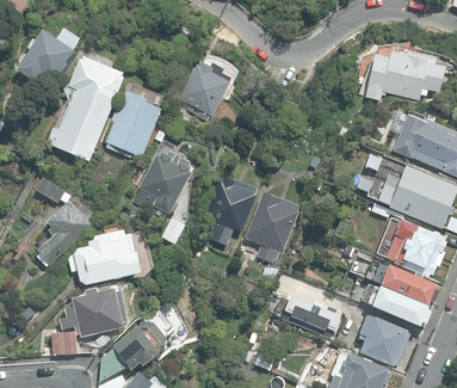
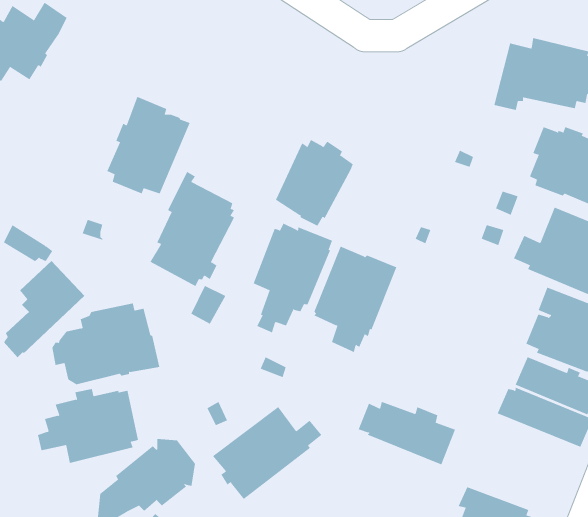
building: [48,56,125,161] -> none
building: [179,62,231,121] -> [275,139,353,226]
building: none -> [212,406,322,500]
building: [359,312,408,365] -> none
building: [51,331,78,353] -> none

